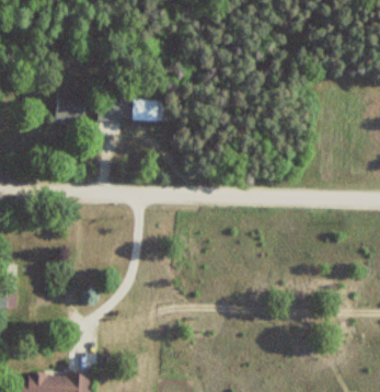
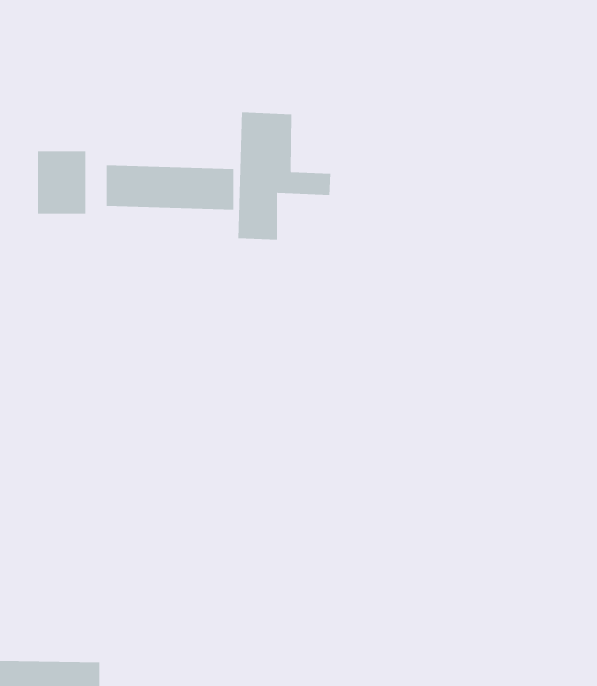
building: none -> [238,112,331,241]

